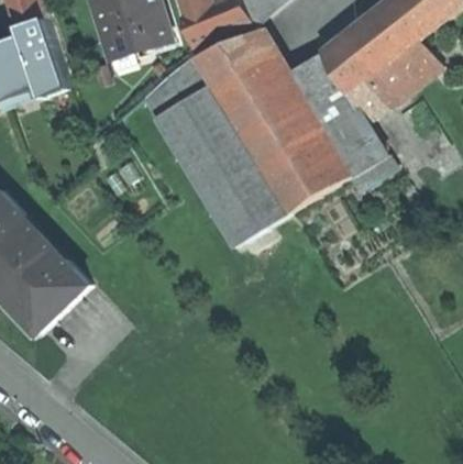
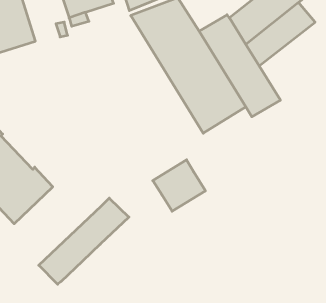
building: [140,52,289,244] -> none
building: none -> [153,160,205,211]
building: none -> [39,198,129,284]

